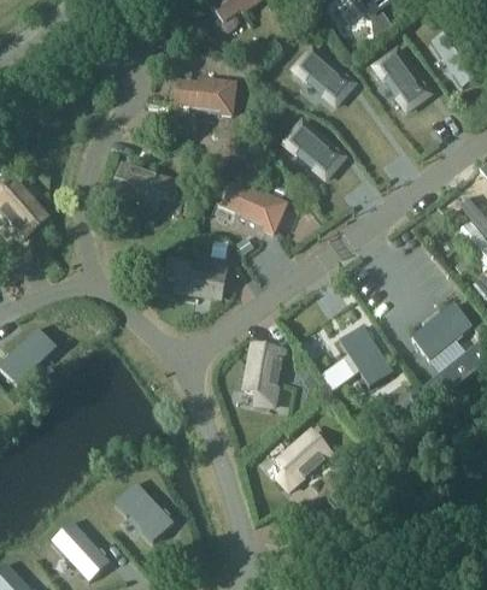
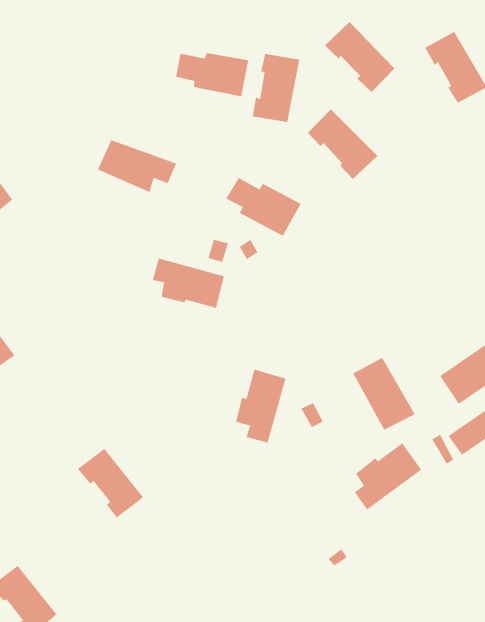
building: none -> [252,53,300,123]
building: [276,431,331,490] -> [354,442,422,511]
building: [115,483,172,541] -> [77,448,144,518]

